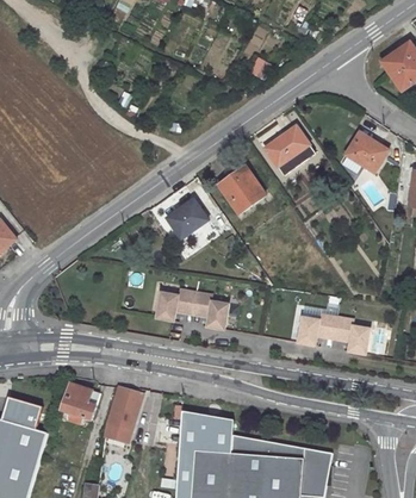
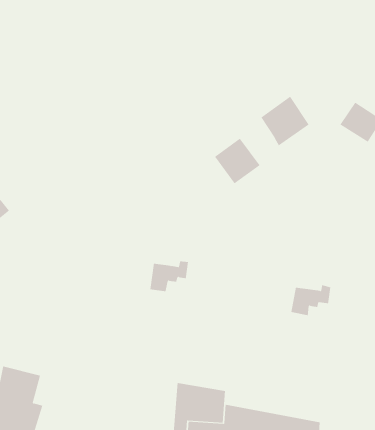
building: [166,198,209,237] -> none
building: [192,291,229,330] -> none
building: [334,316,368,354] -> none
building: [60,382,99,423] -> none
building: [105,386,141,442] -> none

